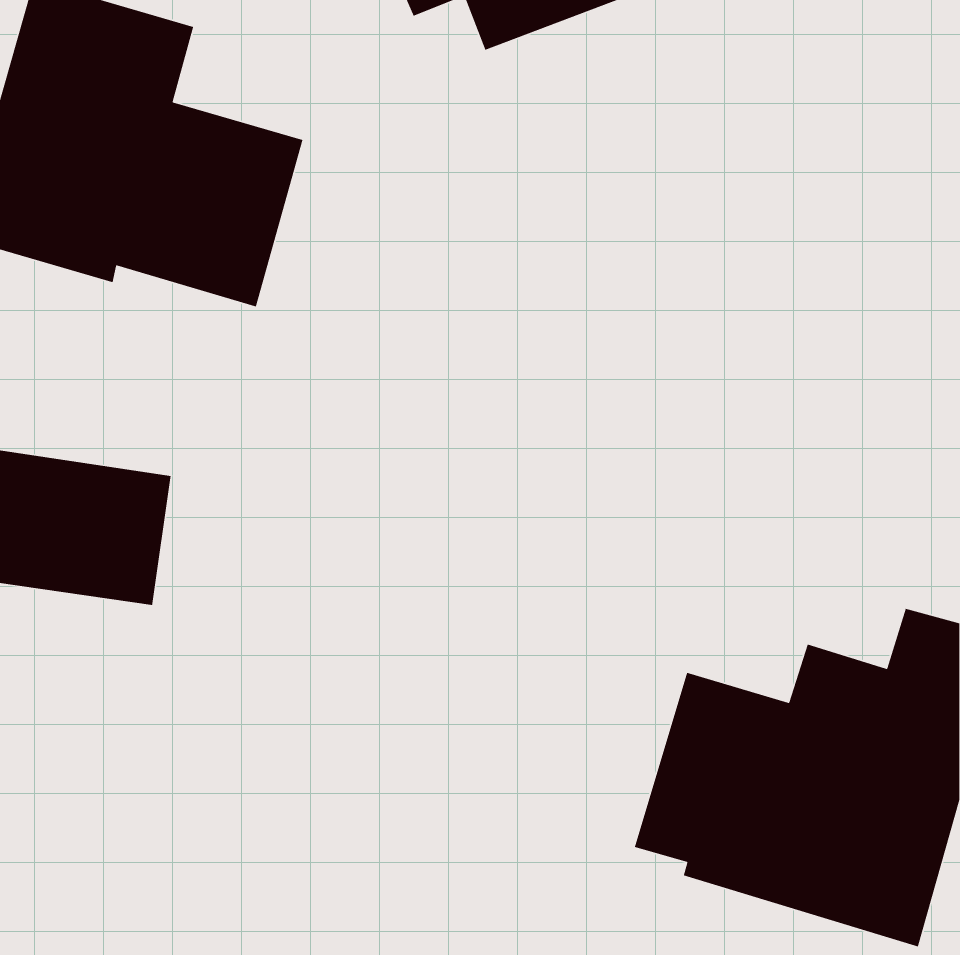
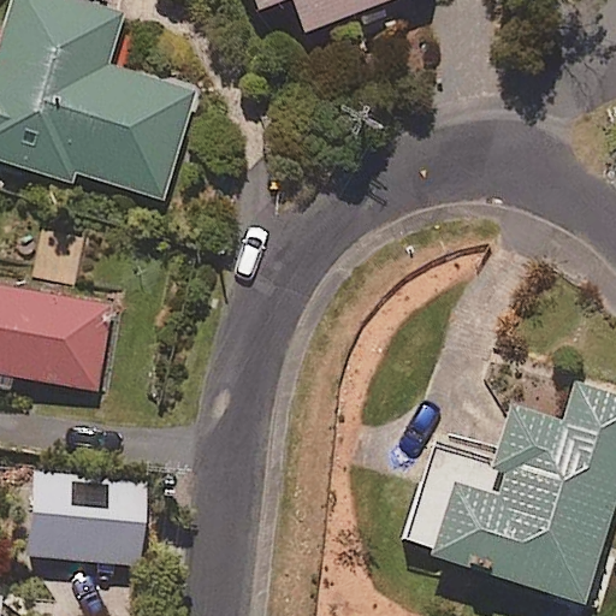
building: none -> [32,475,146,561]

